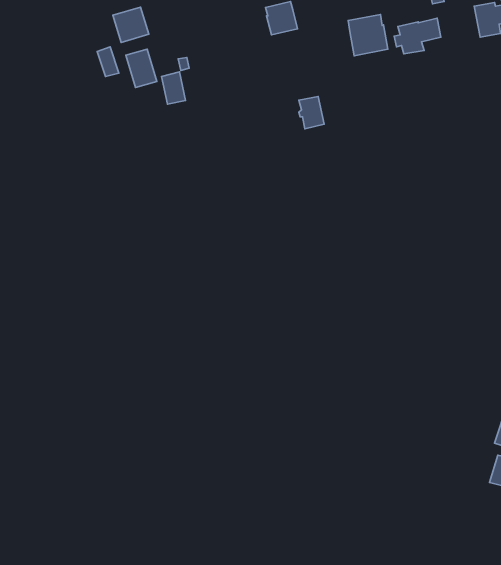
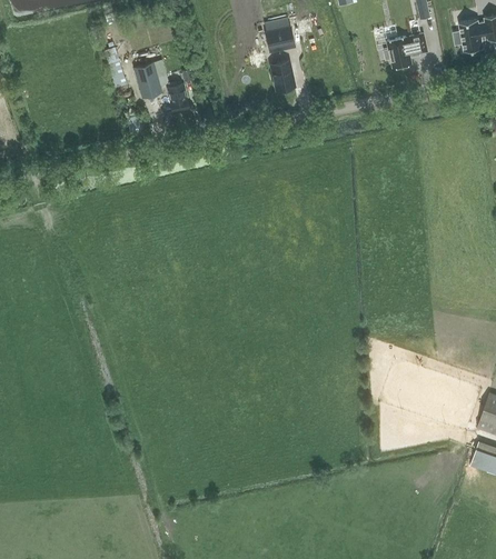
building: [113,7,149,42] -> none
building: [348,15,388,56] -> none
building: [299,97,324,129] -> [271,62,295,92]

